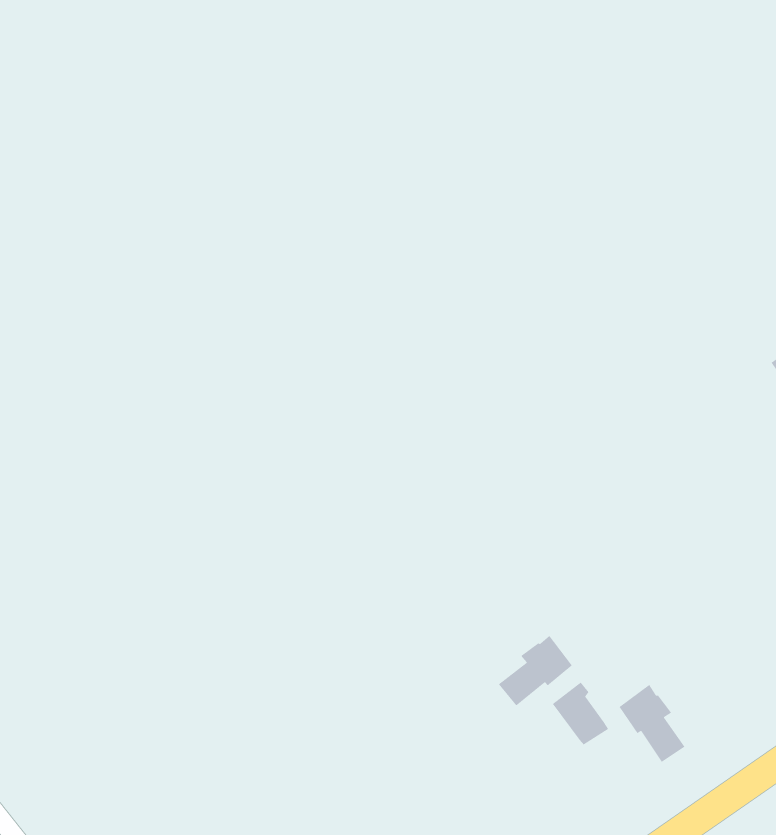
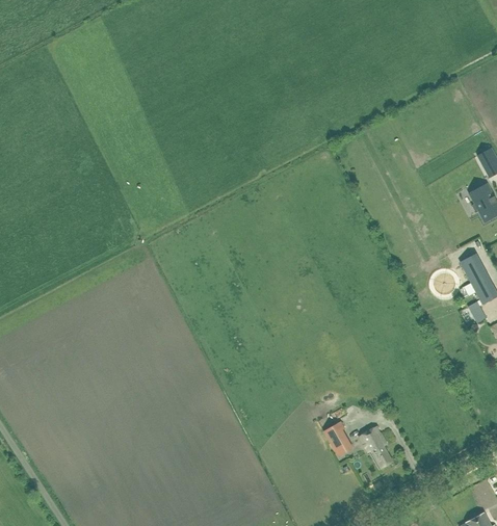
building: [498,635,573,707] -> none

